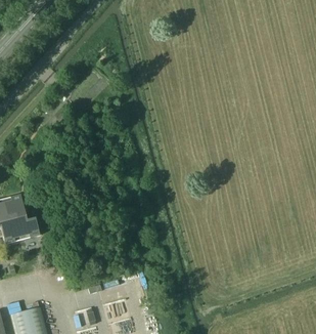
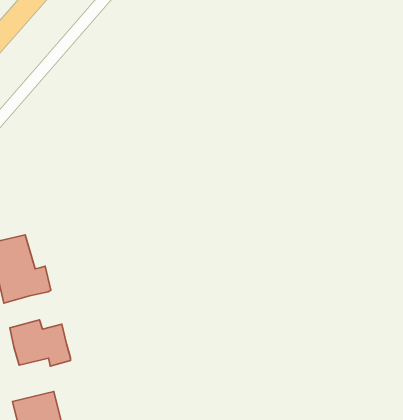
building: none -> [10,320,71,366]

